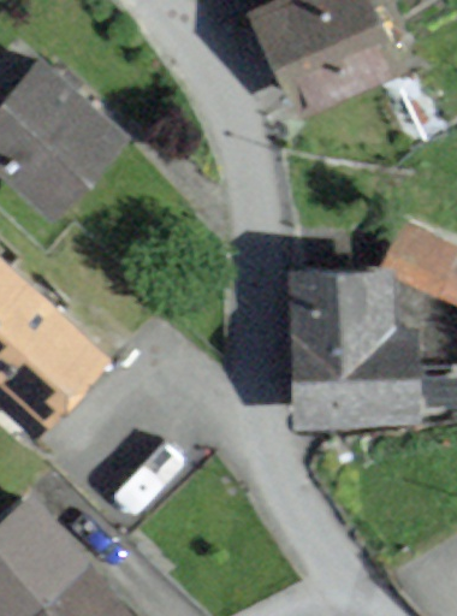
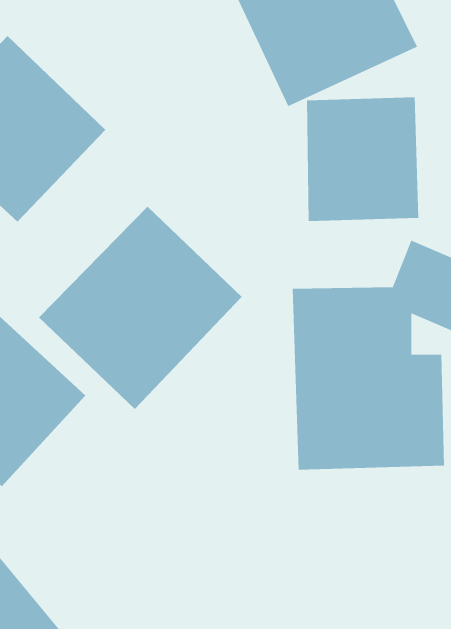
building: none -> [306,97,419,222]
building: none -> [38,206,243,410]

